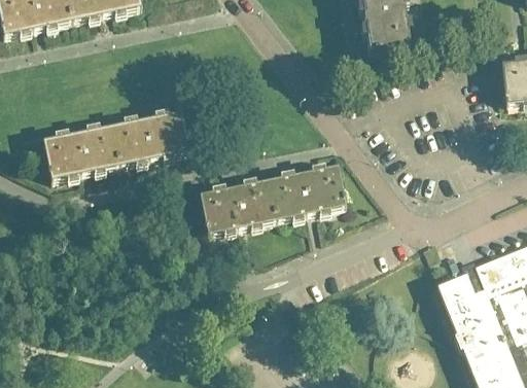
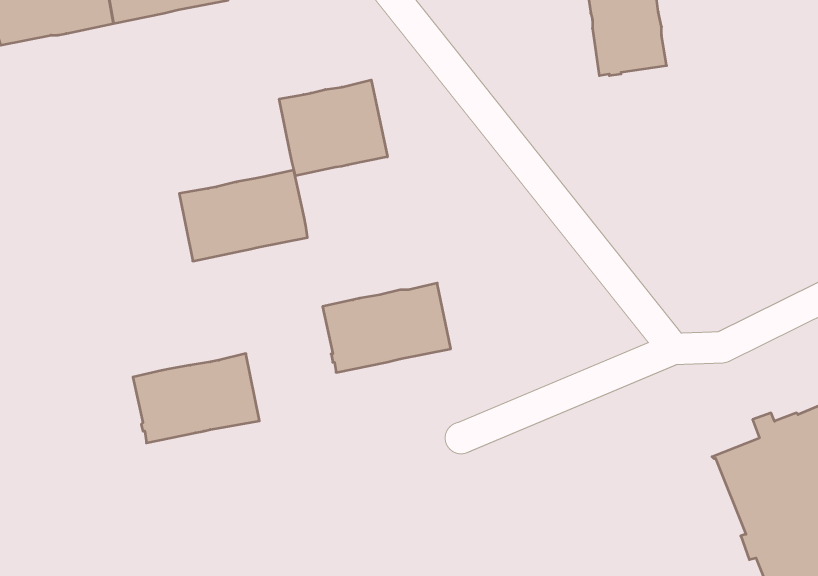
building: none -> [279,80,387,176]
building: [42,125,119,179] -> [133,354,259,443]
building: [269,165,346,219] -> none

